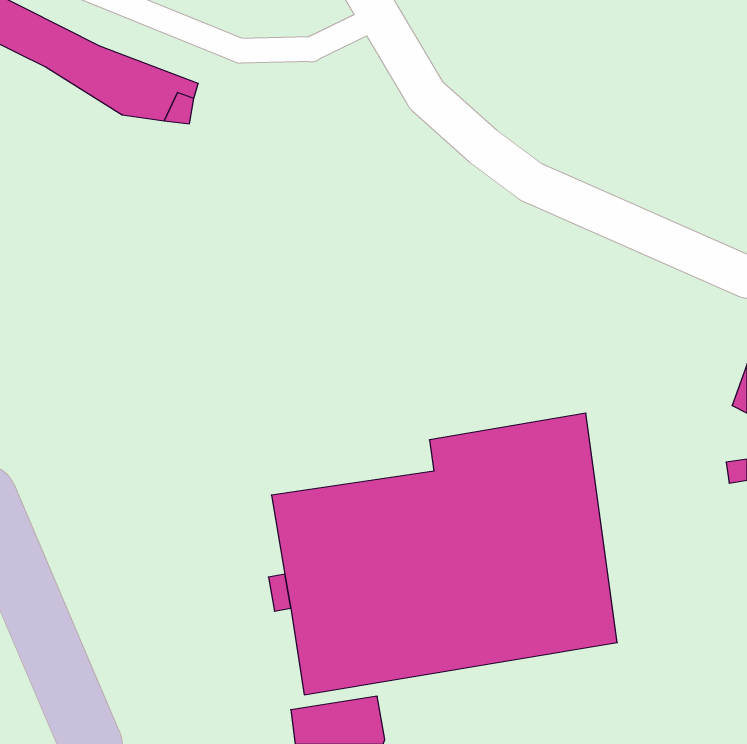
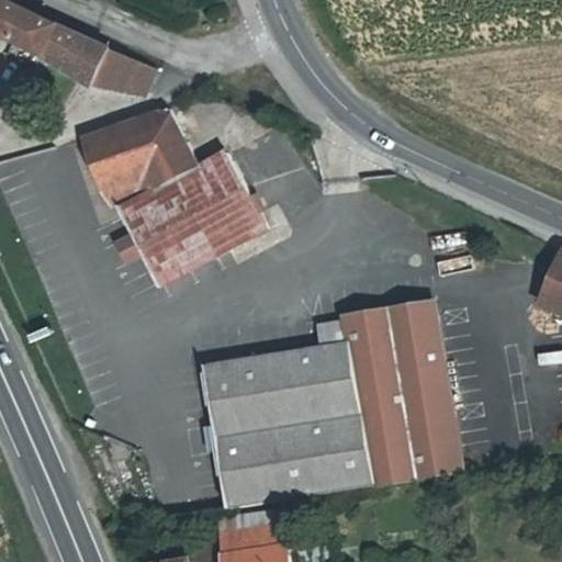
building: none -> [86,105,266,281]

